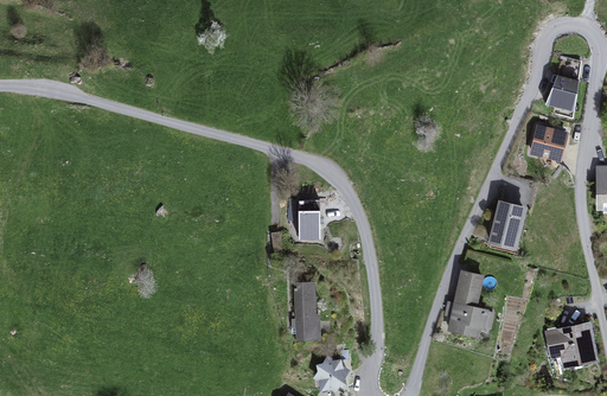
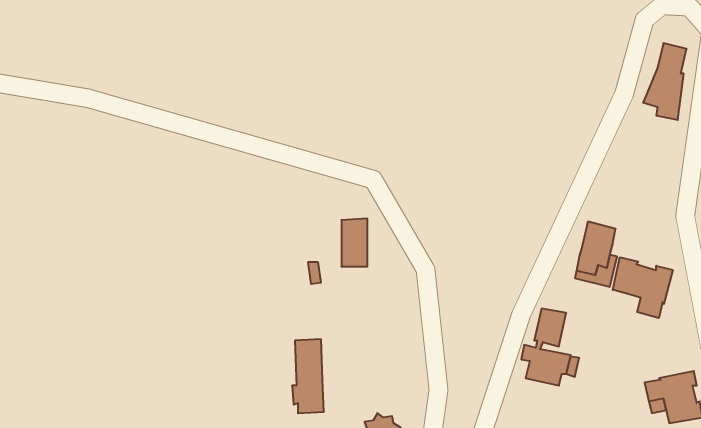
building: [531,127,566,160] -> none
building: none -> [613,257,673,318]
building: [290,281,317,341] -> [292,339,324,413]

